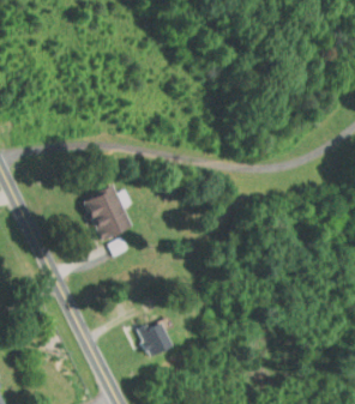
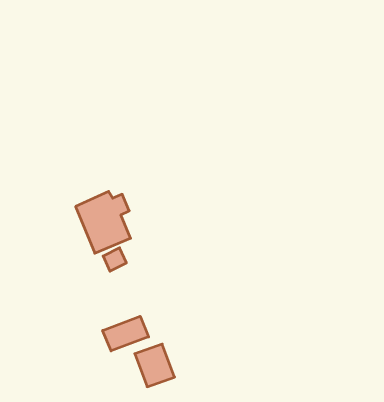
building: none -> [103,316,149,351]

